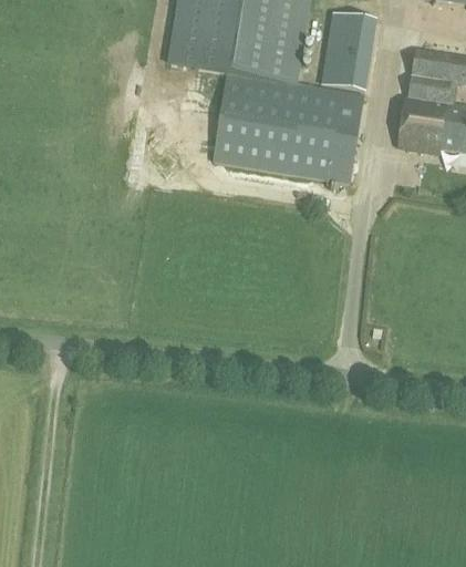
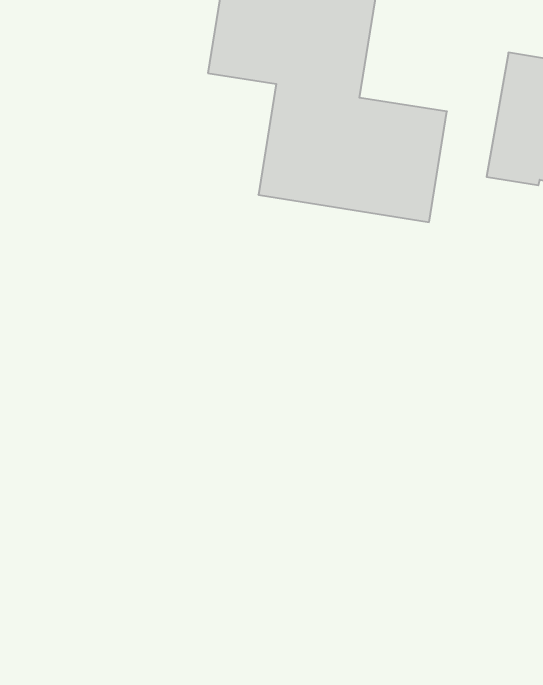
building: [322,12,377,90] -> none

